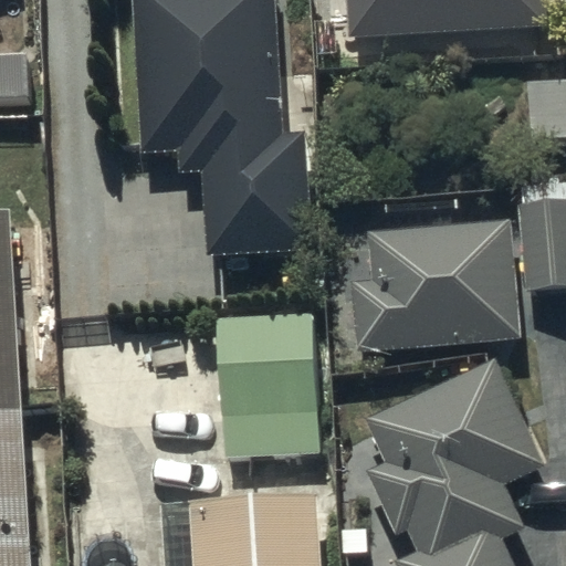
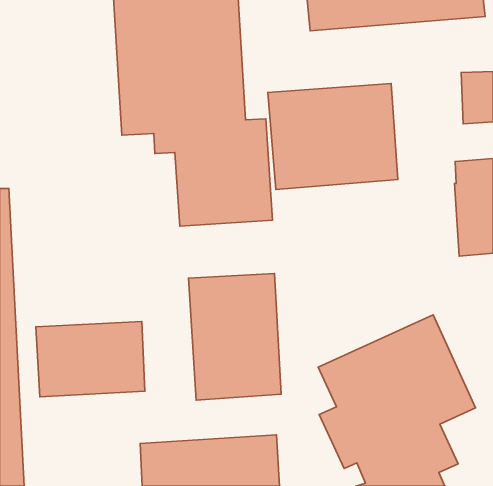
building: none -> [268,83,398,189]
building: [353,222,518,354] -> none
building: none -> [36,322,145,397]

